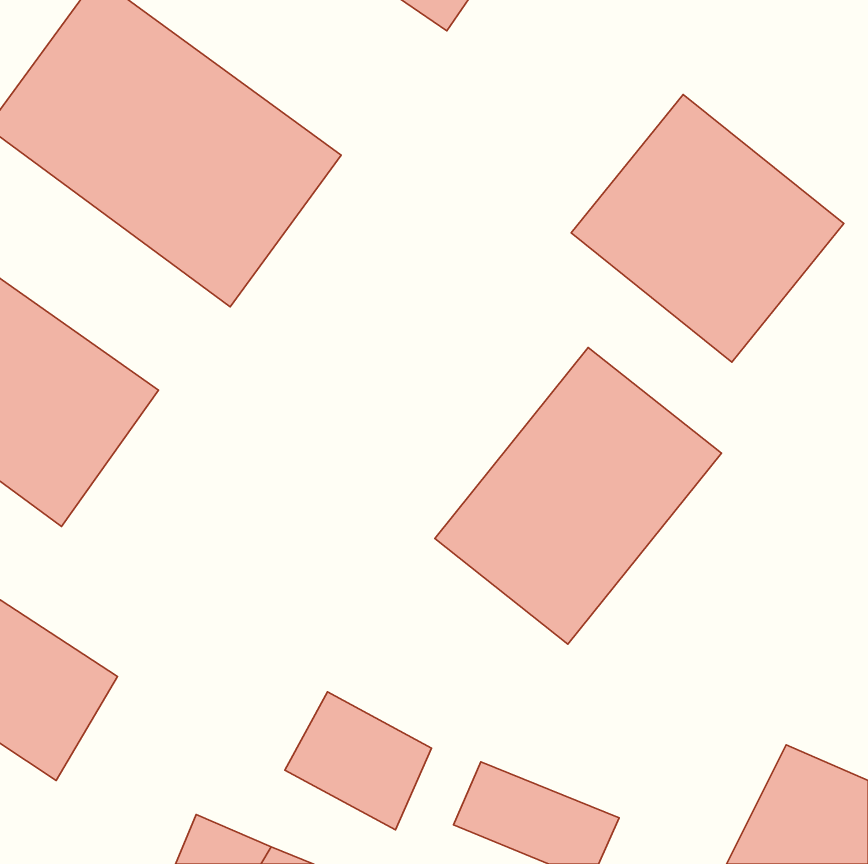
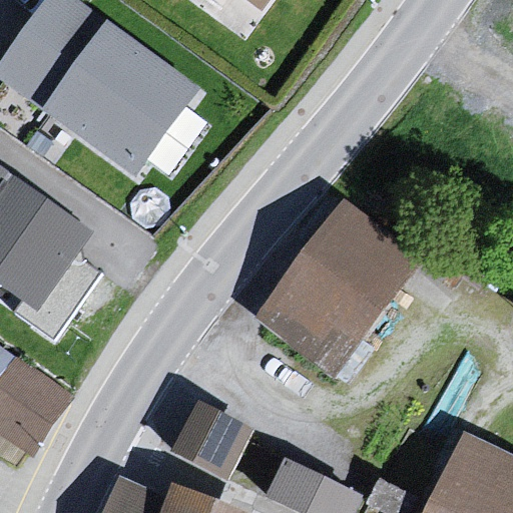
building: [571,95,844,362] -> none

